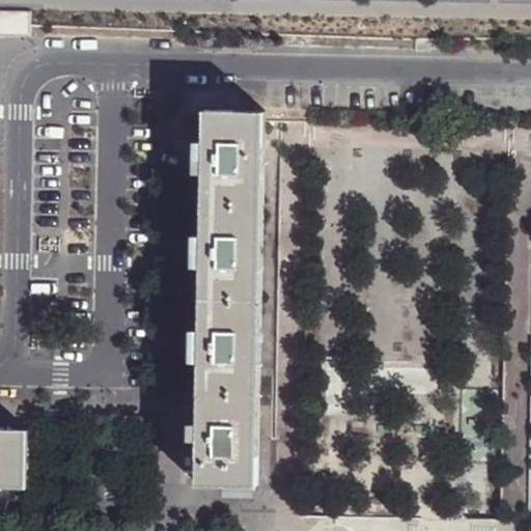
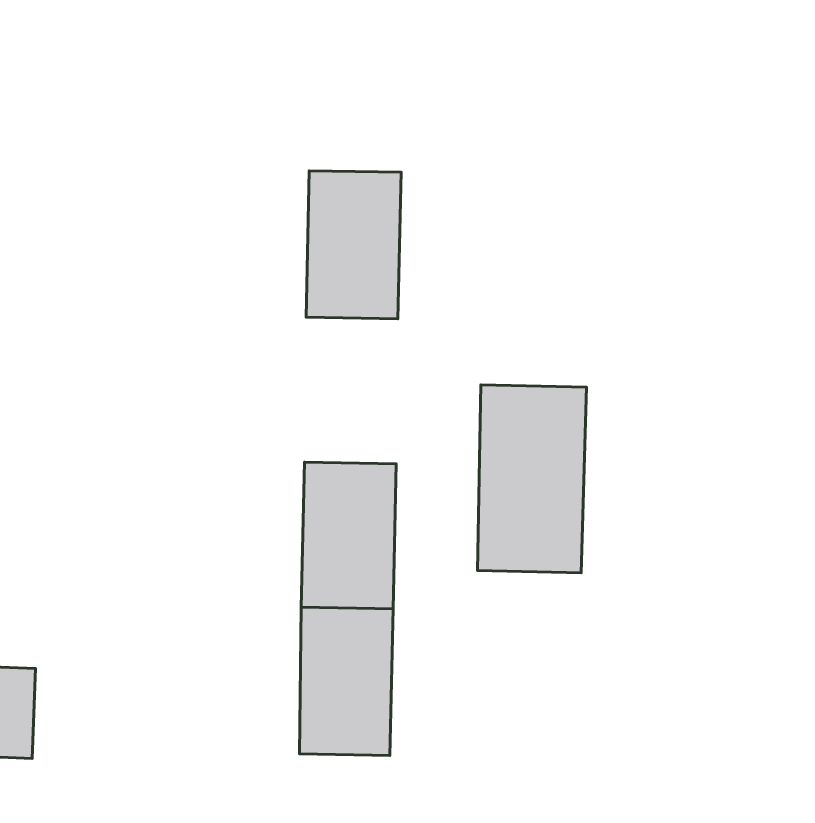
building: [196,204,256,299] -> none
building: none -> [477,385,586,573]

